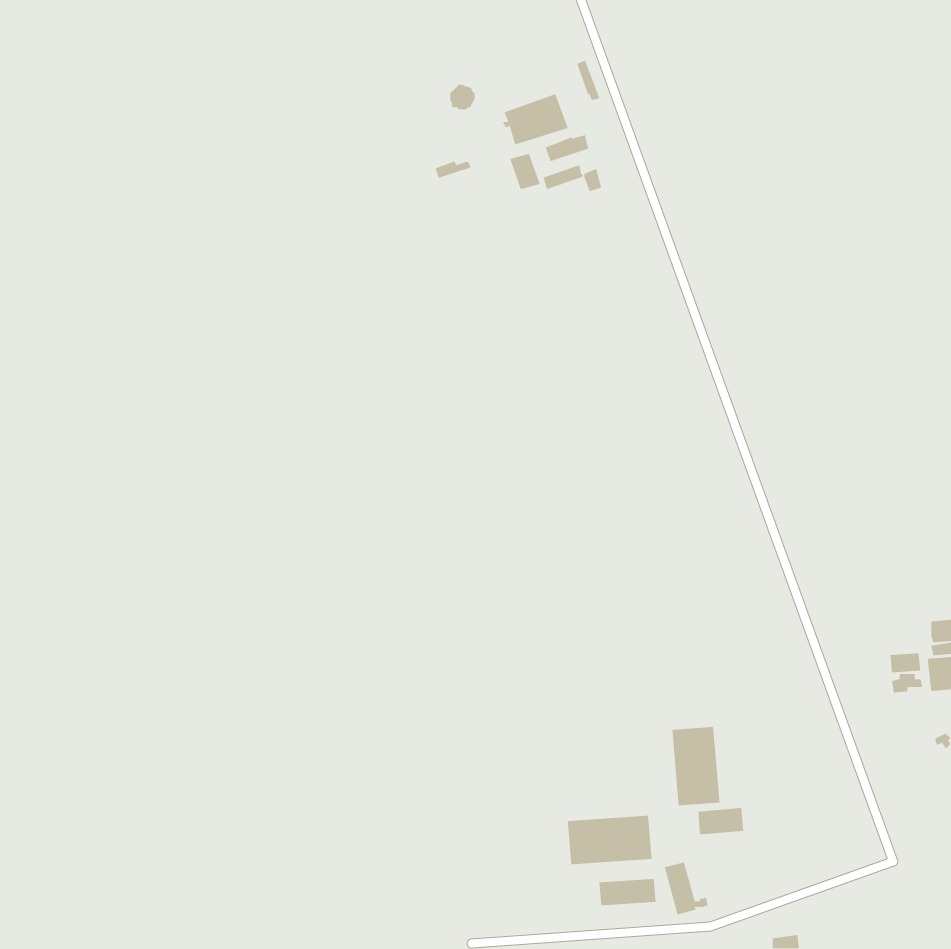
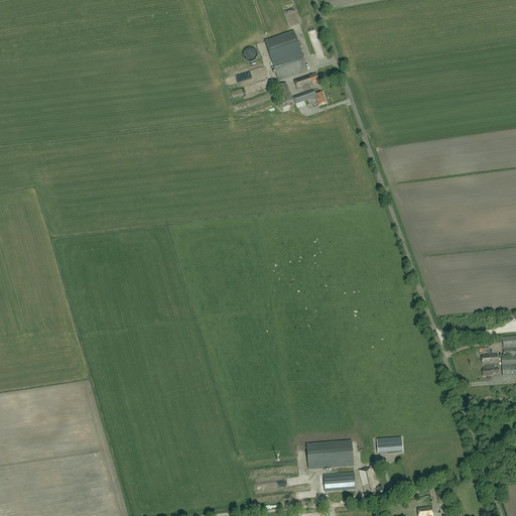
building: none -> [266,31,301,60]
building: [671,726,720,806] -> none

